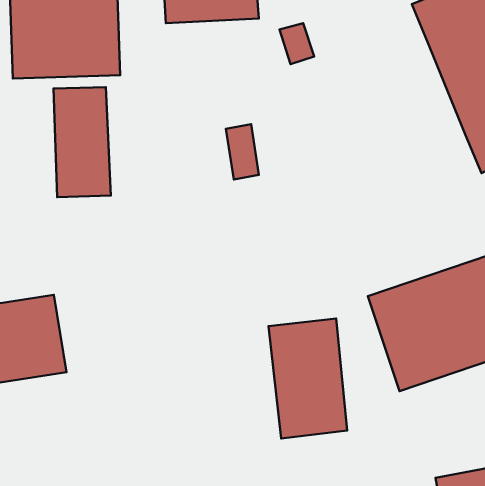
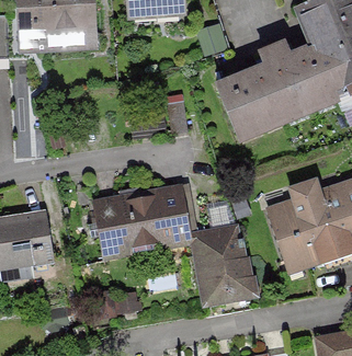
building: none -> [214,36,334,137]
building: [53,87,111,197] -> none
building: none -> [93,187,196,260]

